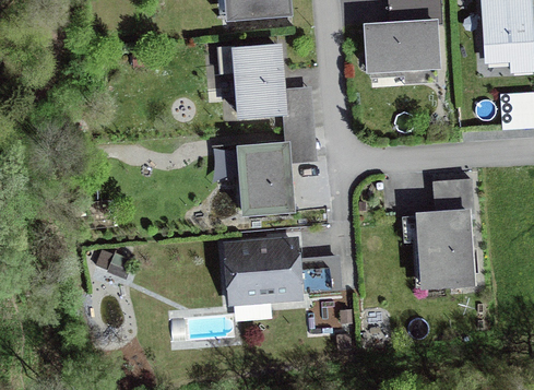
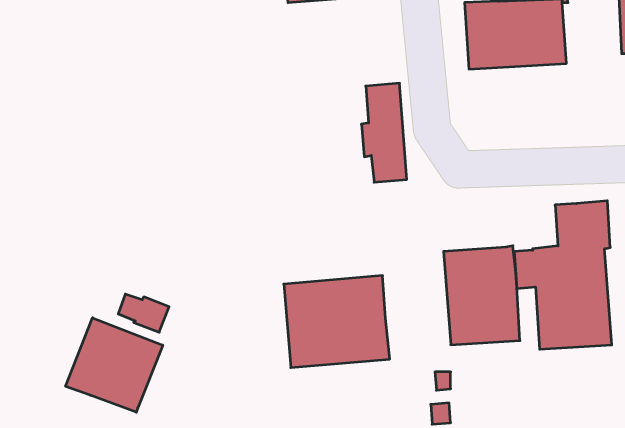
building: [214,44,287,120] -> none
building: [236,141,295,217] -> [444,246,520,345]
building: none -> [66,318,163,412]

